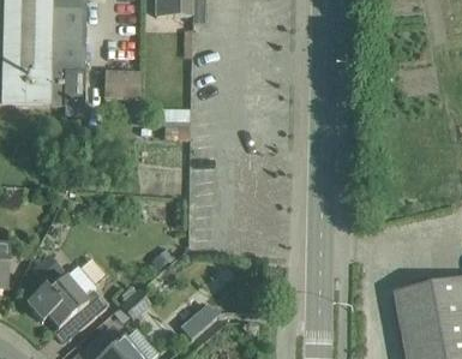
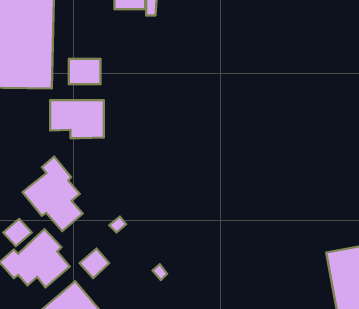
building: none -> [50,100,104,138]
building: none -> [22,156,83,231]

